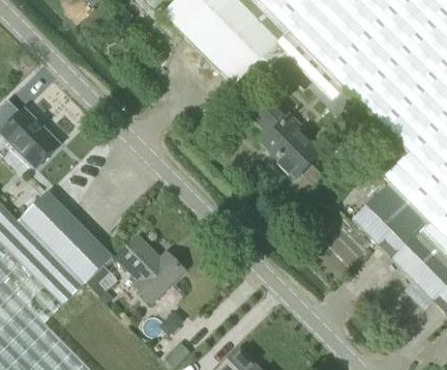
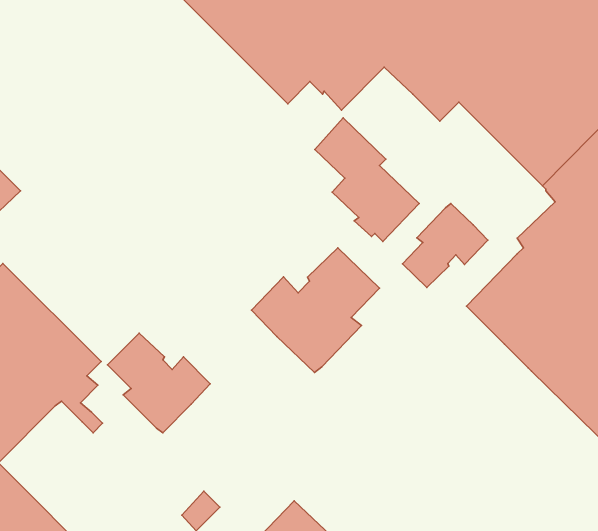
building: none -> [402,203,488,288]
building: none -> [251,248,380,373]

